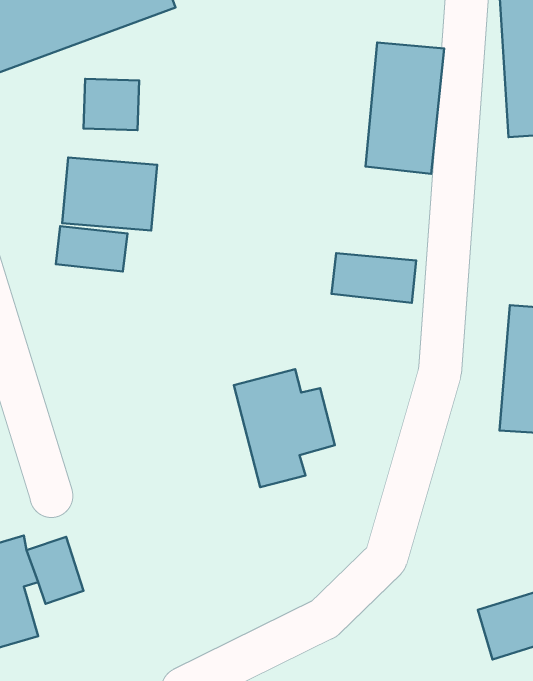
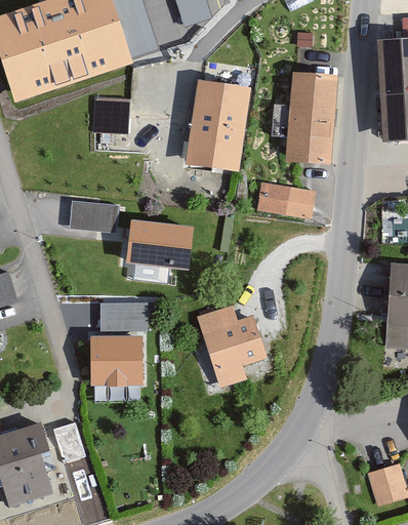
building: none -> [185,78,252,173]
building: [62,157,157,230] -> [127,219,194,271]
building: [332,253,416,303] -> [255,181,315,216]
building: none -> [89,309,145,387]

